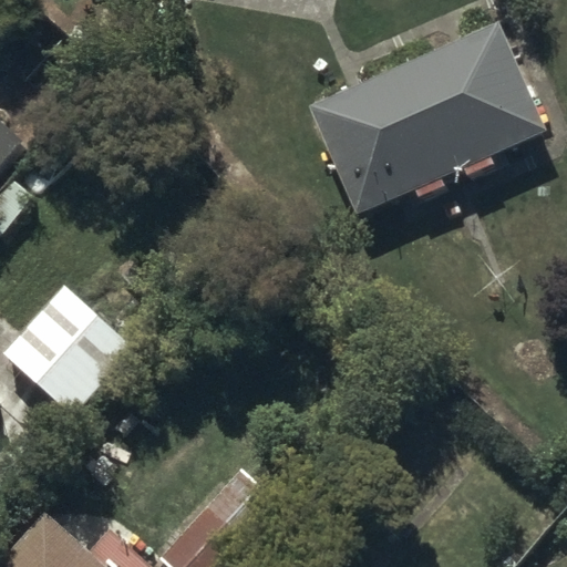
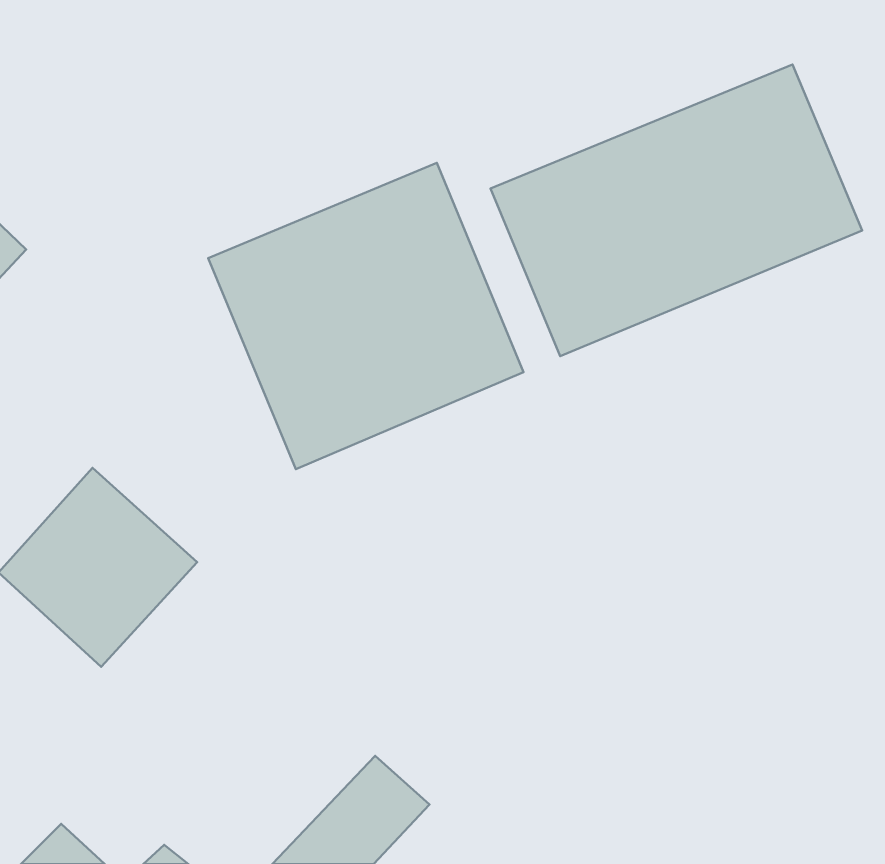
building: none -> [208,163,523,469]

